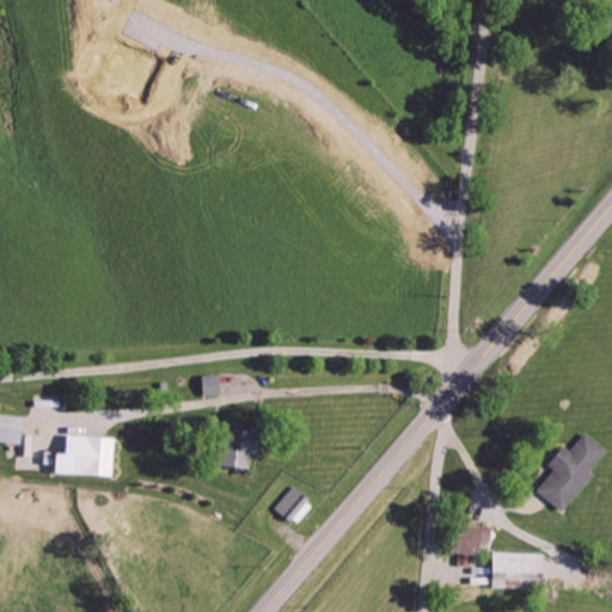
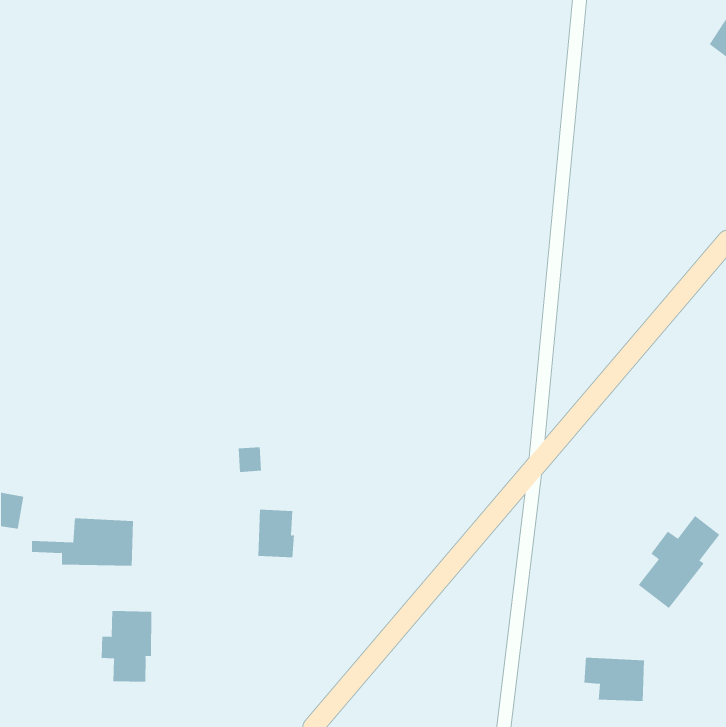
building: [276,486,316,526] -> none
building: none -> [101,610,152,682]
building: [455,526,488,567] -> none

